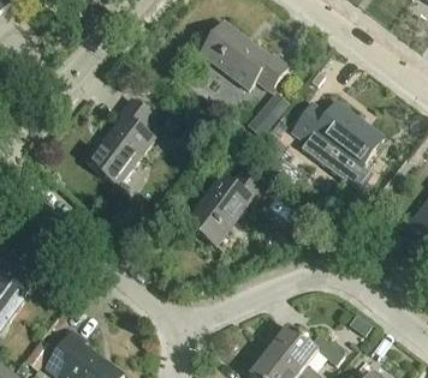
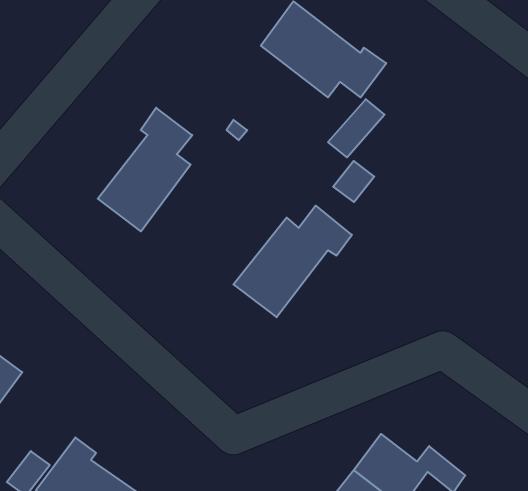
building: [291,103,384,188] -> none

